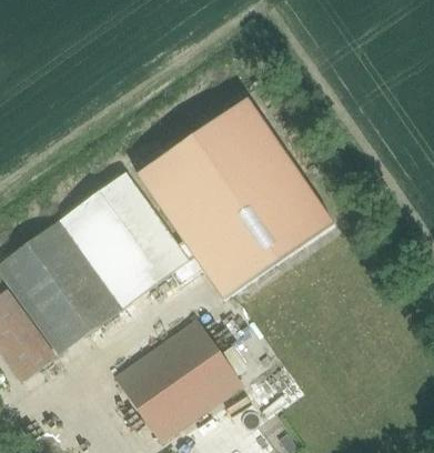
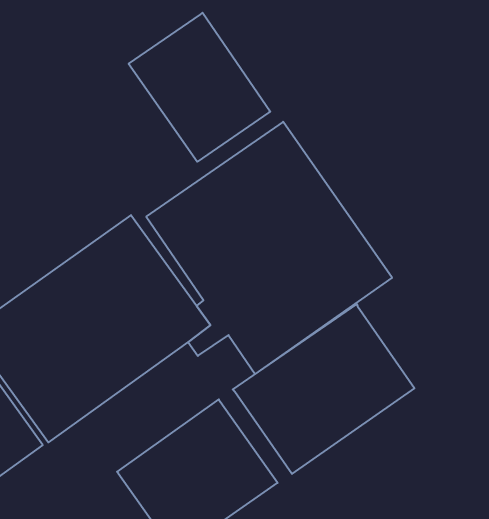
building: none -> [129,13,270,162]
building: none -> [233,304,414,474]

